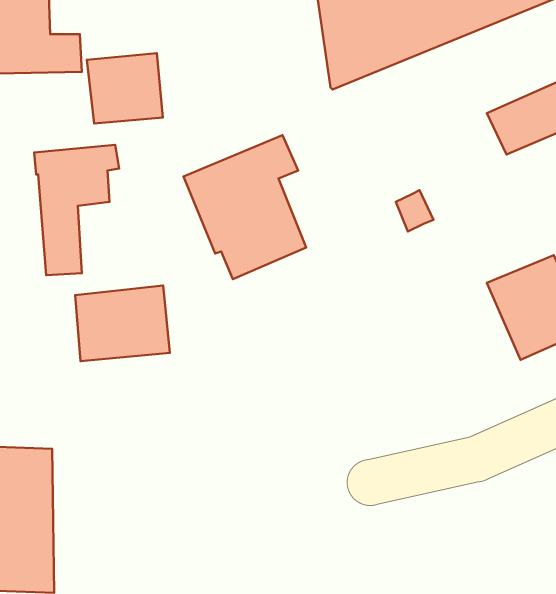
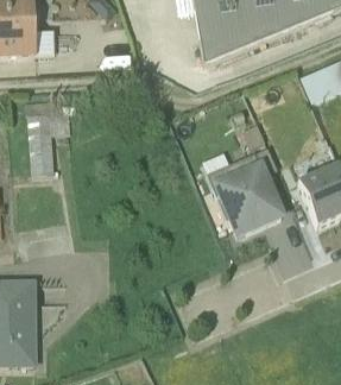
building: [87,53,163,124] -> none
building: [184,135,306,279] -> [206,149,279,235]
building: [75,285,170,361] -> none

